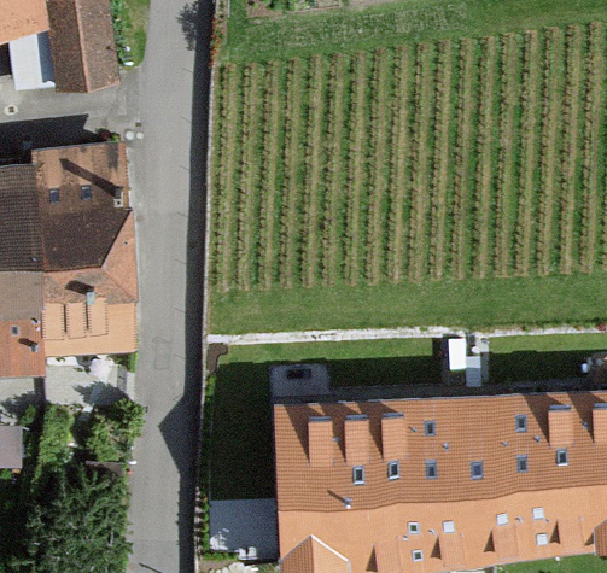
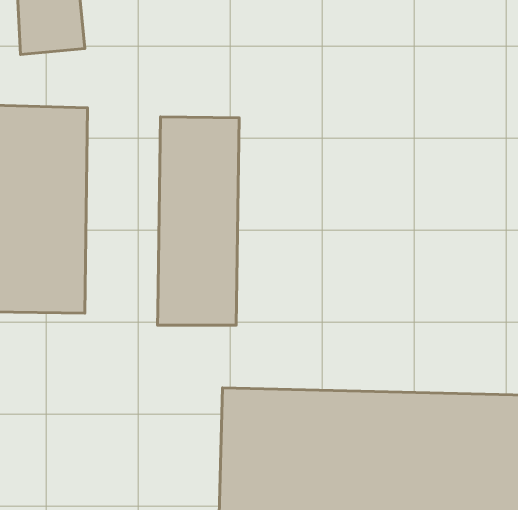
building: none -> [158,117,239,325]

